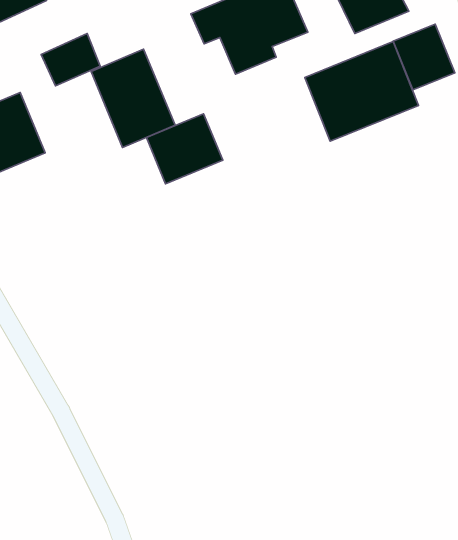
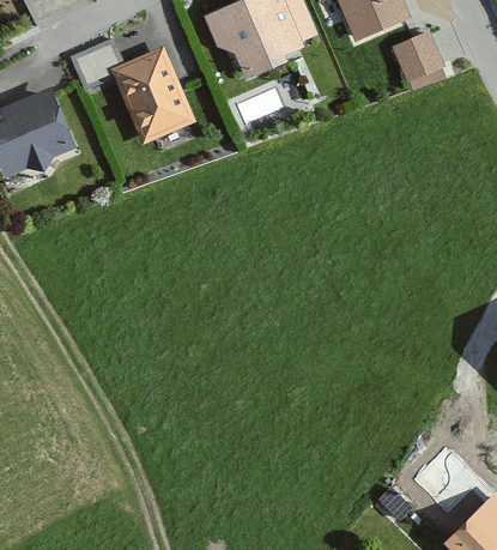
building: [305,42,418,141] -> none
building: [146,114,223,184] -> none

